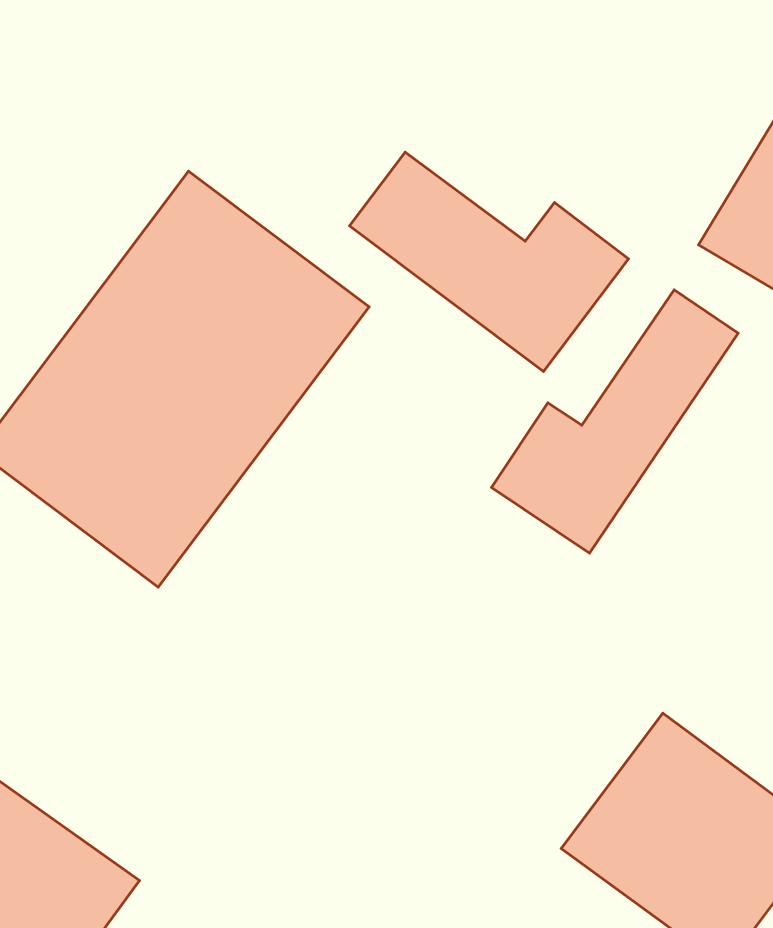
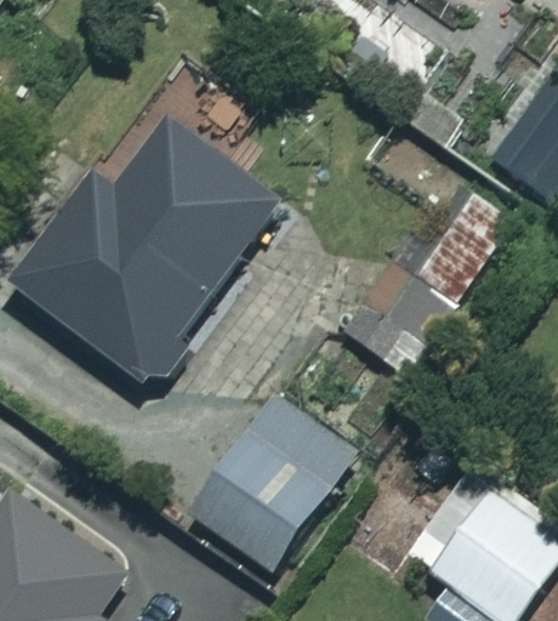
building: [350,152,628,372] -> none
building: none -> [188,397,353,571]

